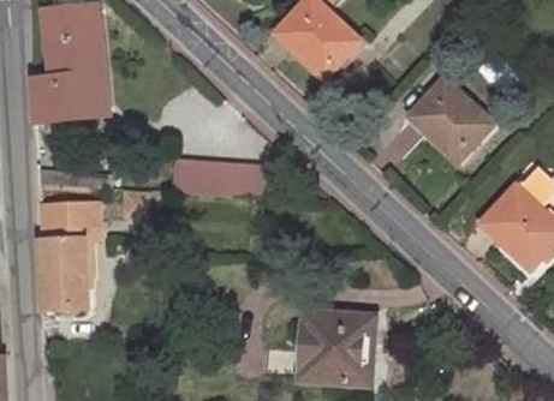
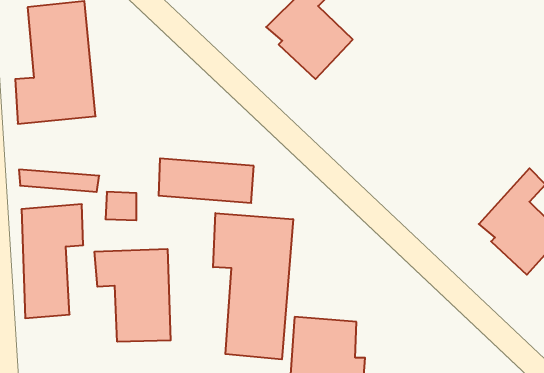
building: [411,78,494,163] -> none
building: none -> [213,213,293,359]
building: none -> [95,249,171,342]

